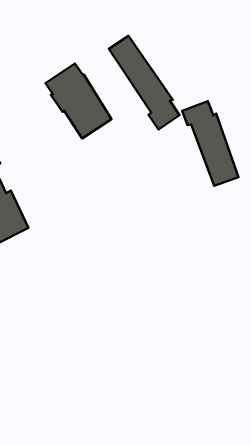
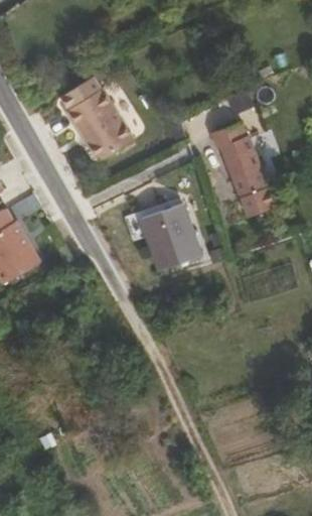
building: [109,36,180,129] -> none
building: none -> [140,200,198,267]

